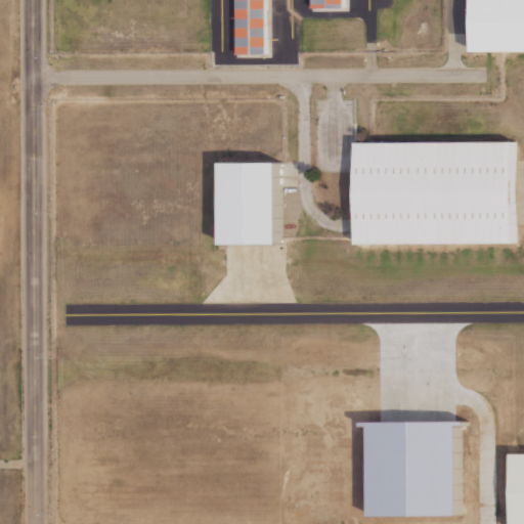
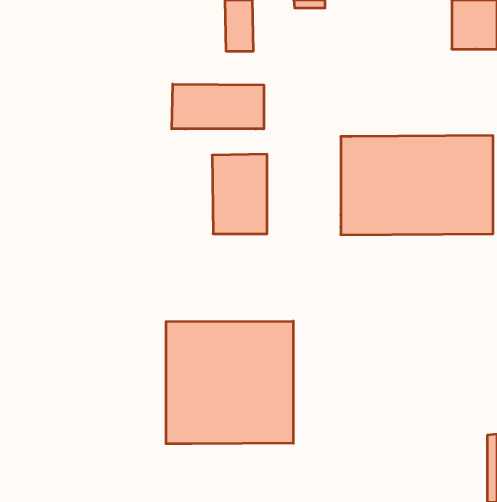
building: none -> [172,84,264,129]
building: none -> [166,321,293,444]
building: [352,423,456,518] -> none

